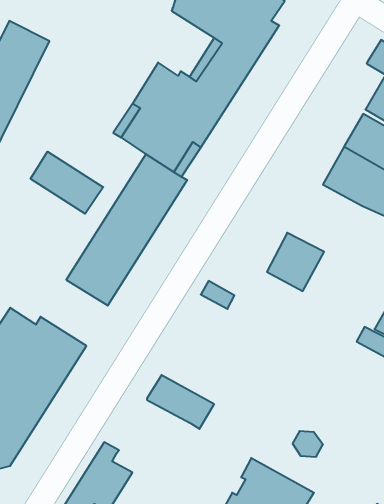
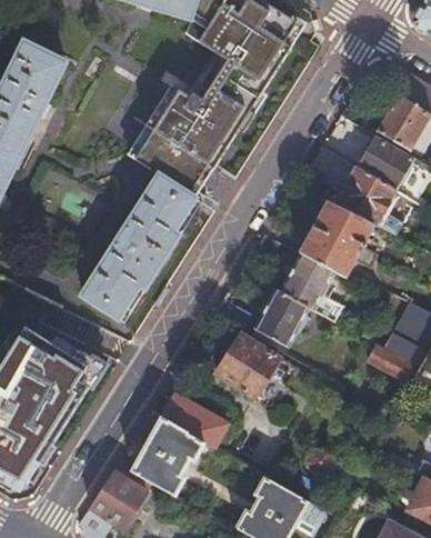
building: [31,152,103,214] -> none
building: none -> [299,200,373,276]
building: none -> [253,288,321,347]
building: none -> [216,332,299,407]
building: none -> [130,417,203,494]

